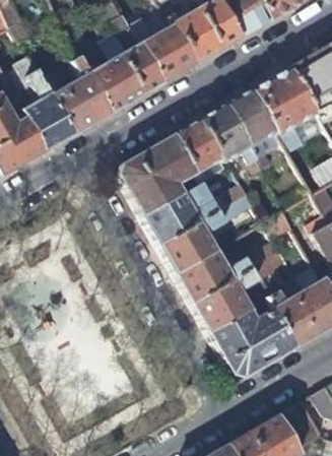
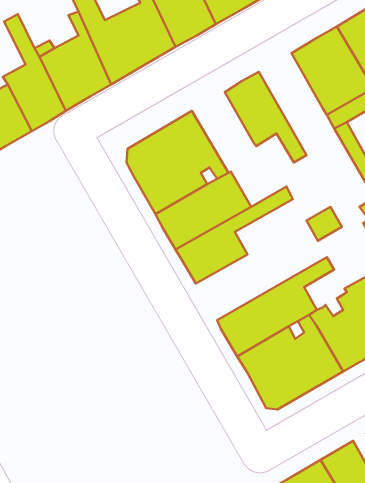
building: [226,88,278,171] -> none
building: [173,120,222,185] -> none
building: [176,243,281,304] -> none

